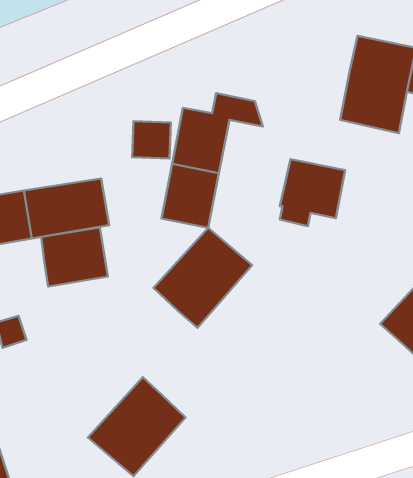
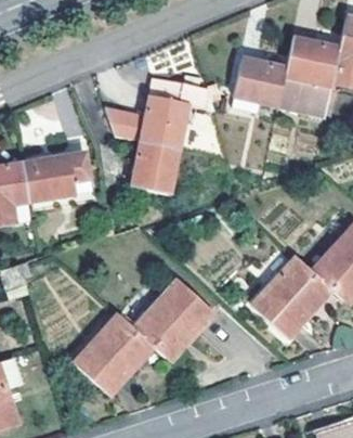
building: [280,159,345,226] -> [232,57,285,112]
building: [41,227,108,286] -> none
building: [153,228,252,328] -> [132,280,212,361]
building: none -> [250,257,330,337]

